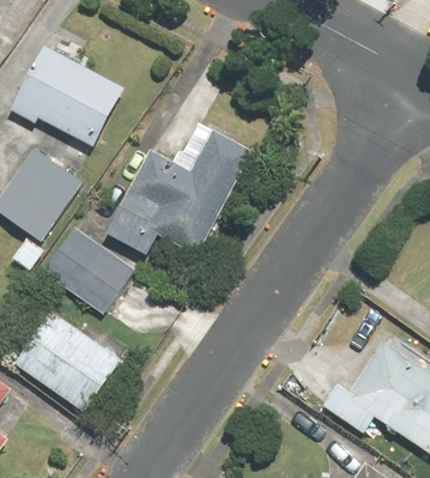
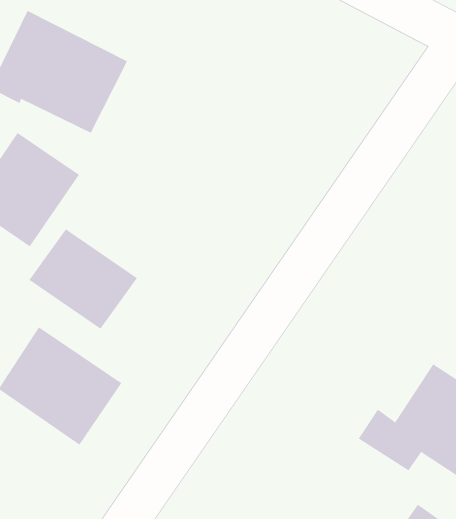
building: [107,128,254,256] -> none

